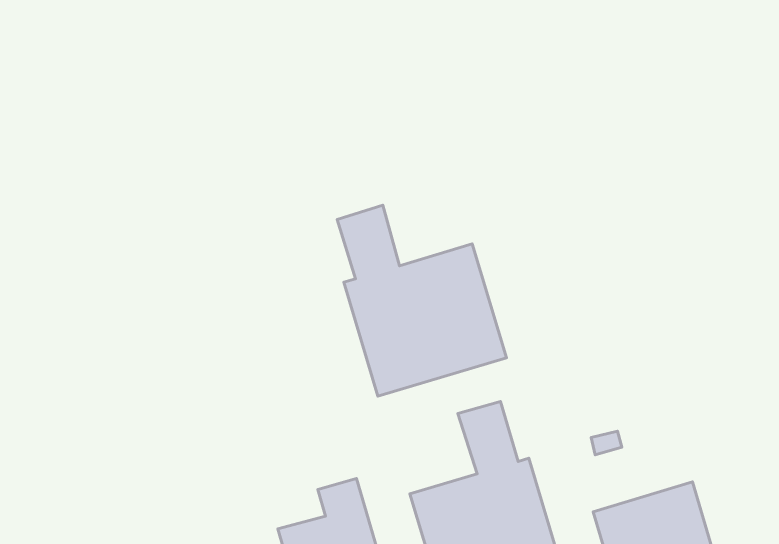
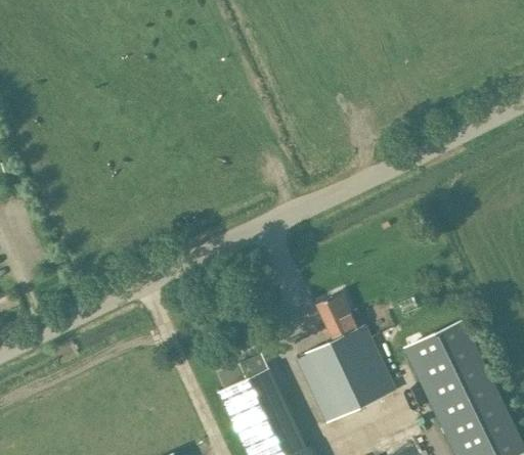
building: [337,205,507,396] -> none

